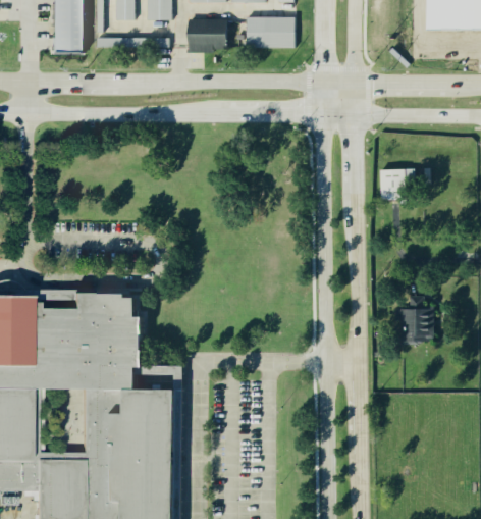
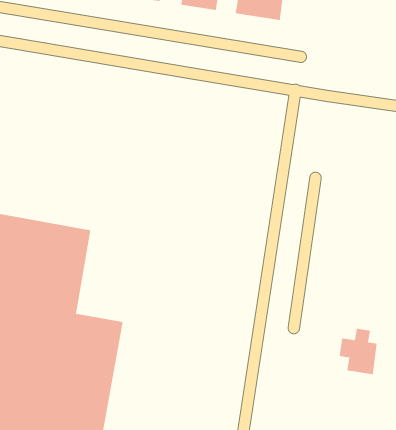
building: [383,168,417,200] -> none
building: [397,296,436,341] -> [339,328,378,375]

